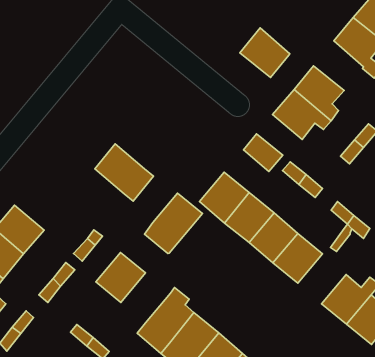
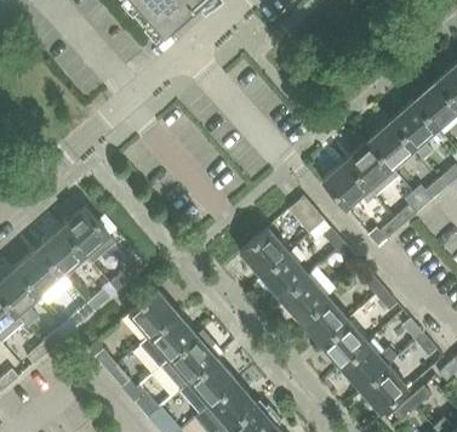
building: [240,28,290,77] -> [367,120,415,169]
building: [95,144,153,201] -> [63,208,118,265]
building: [144,193,203,253] -> [139,312,198,368]
building: none -> [320,320,367,368]

